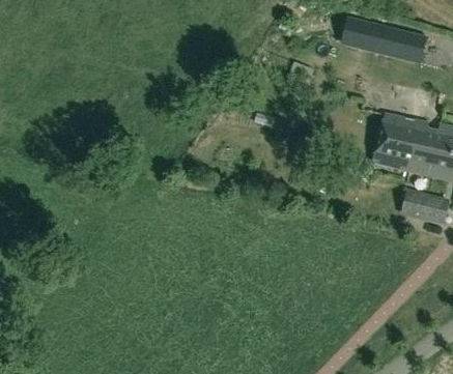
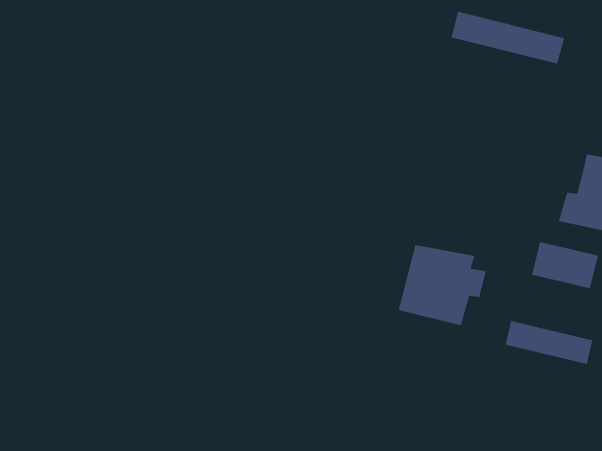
building: [372,115,437,175] -> [398,244,487,326]
building: none -> [505,320,593,365]

